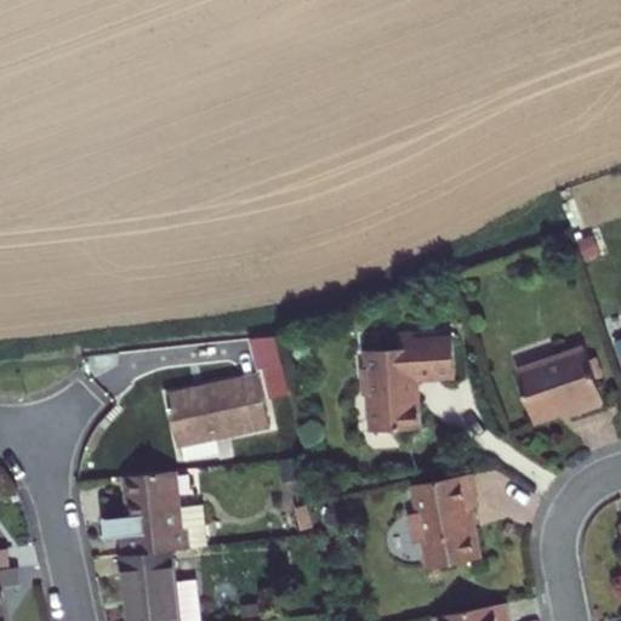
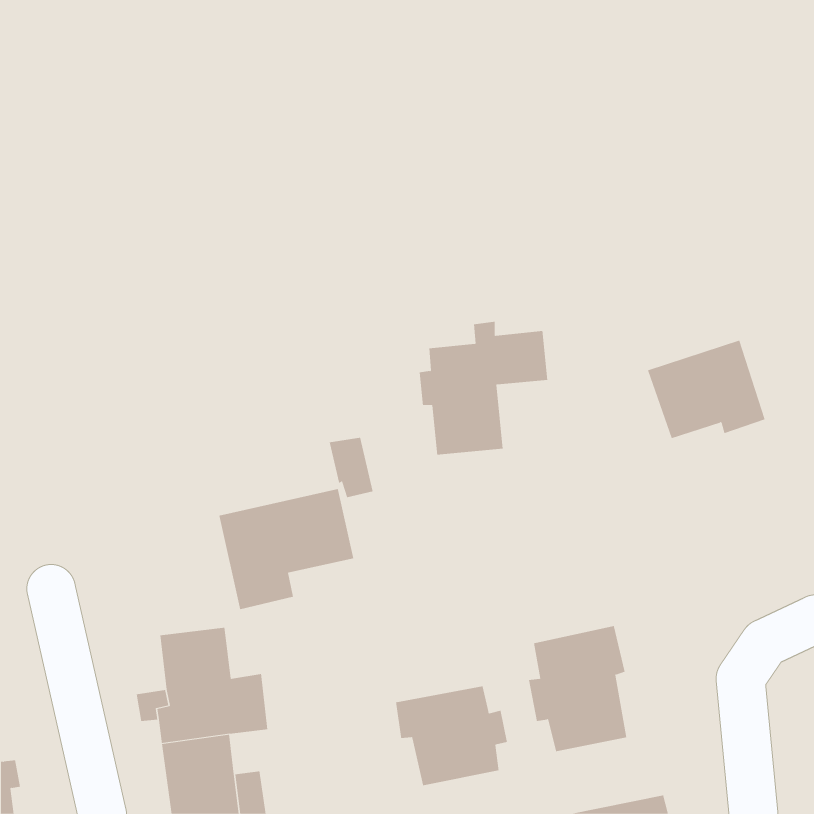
building: [358,335,456,437] -> [419,321,548,455]
building: [509,344,599,420] -> [647,340,765,439]
building: none -> [396,685,508,786]

